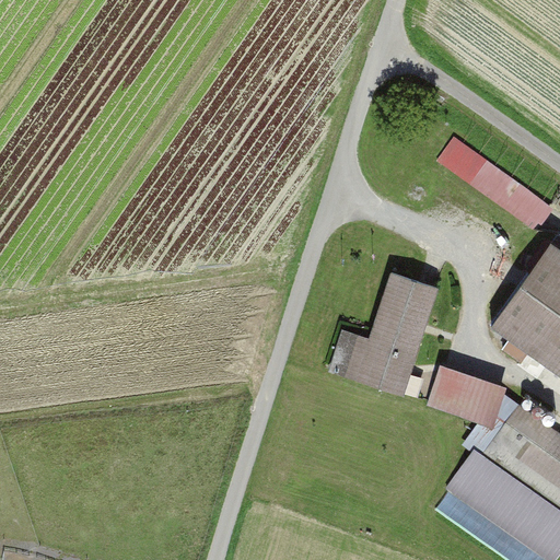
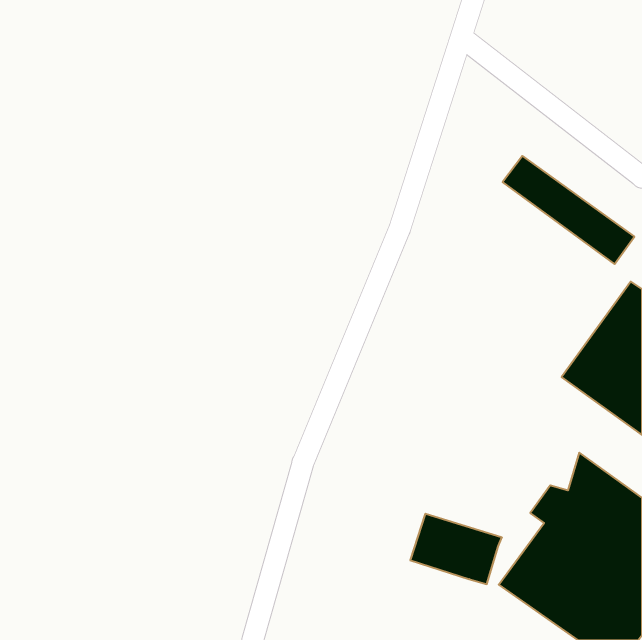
building: [329,273,440,396] -> none
building: [428,365,508,427] -> [410,514,502,584]

